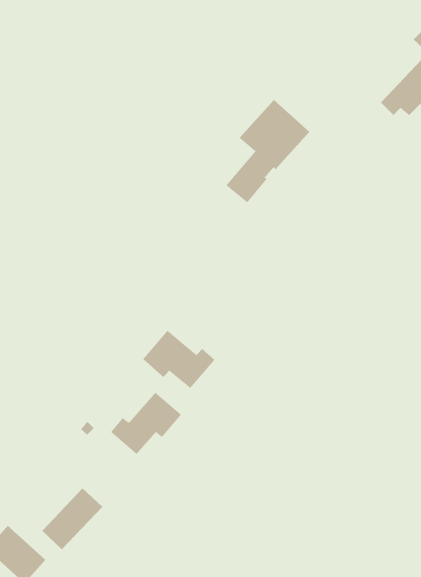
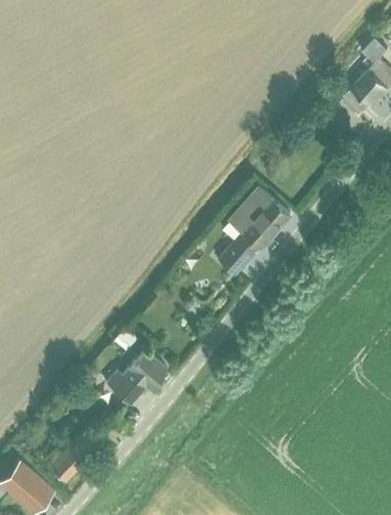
building: [226,99,310,203] -> [220,187,292,275]
building: [142,330,215,389] -> none

